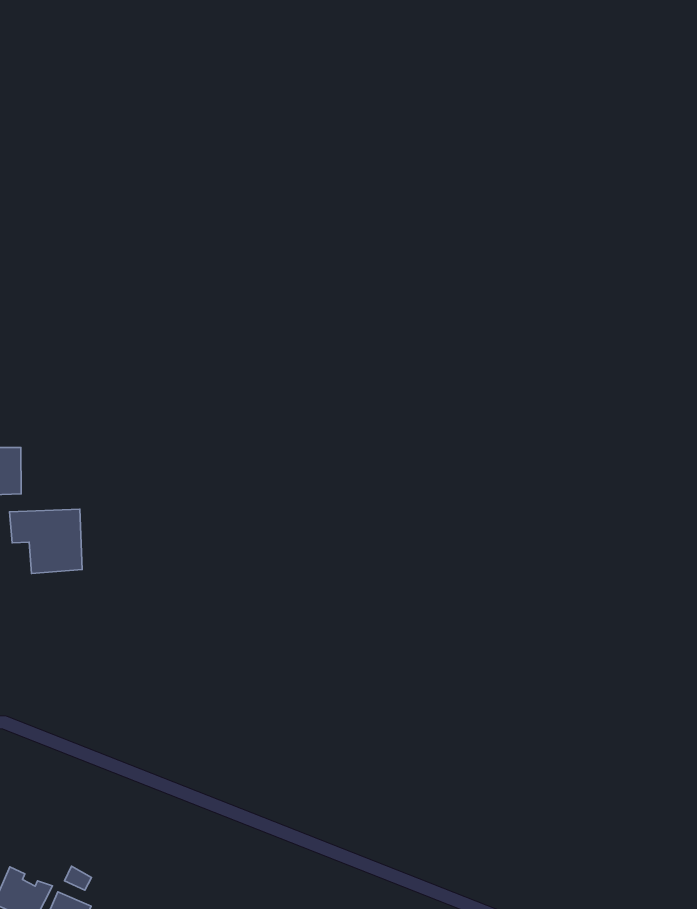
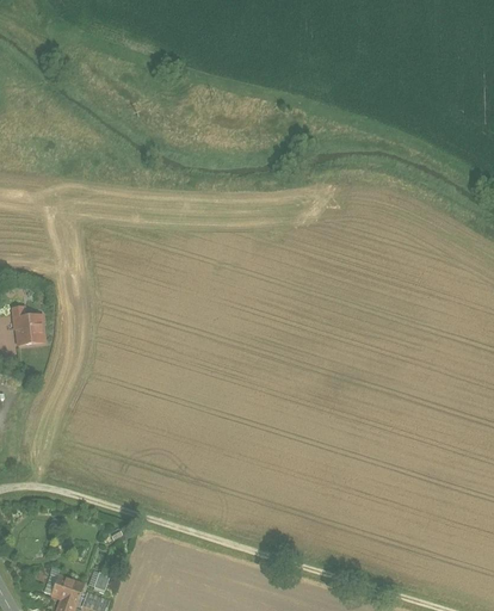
building: [10,509,82,573] -> none

